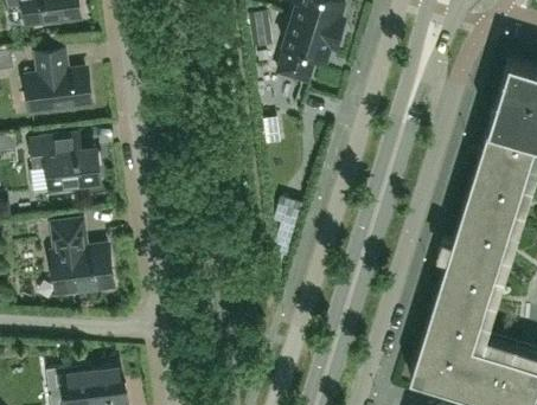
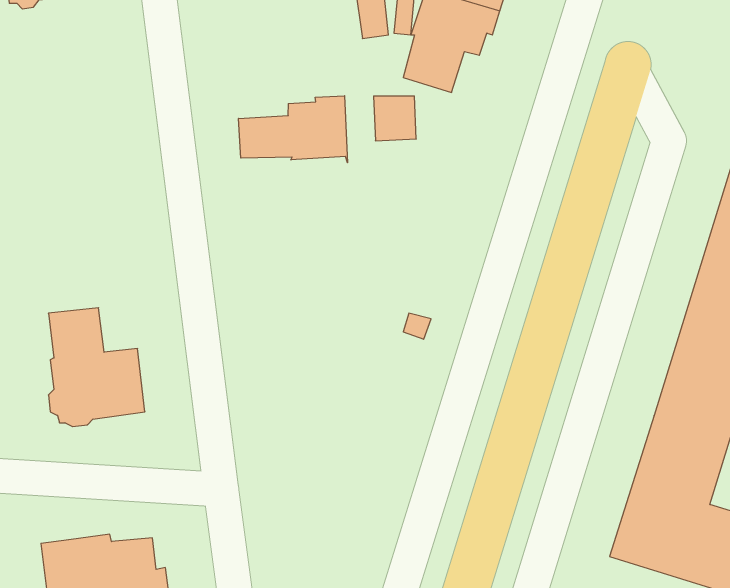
building: [28,51,91,112] -> none
building: none -> [239,96,347,163]
building: [31,135,103,193] -> none

